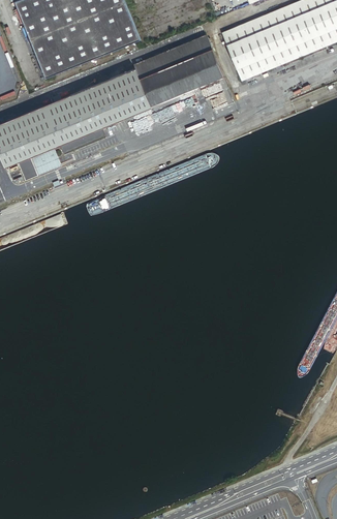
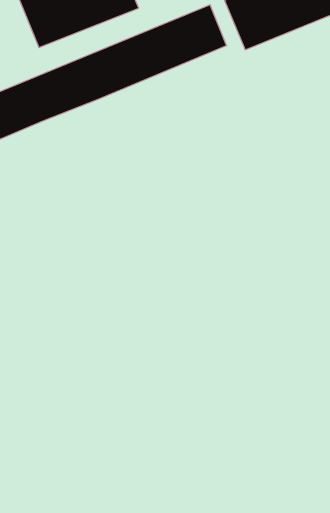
building: [18,127,105,181] -> none

